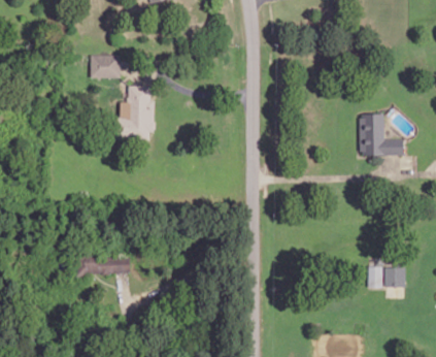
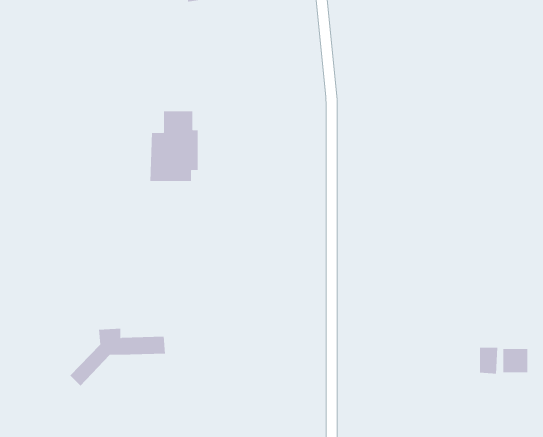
building: [90,56,121,79] -> none
building: [360,112,404,154] -> none

